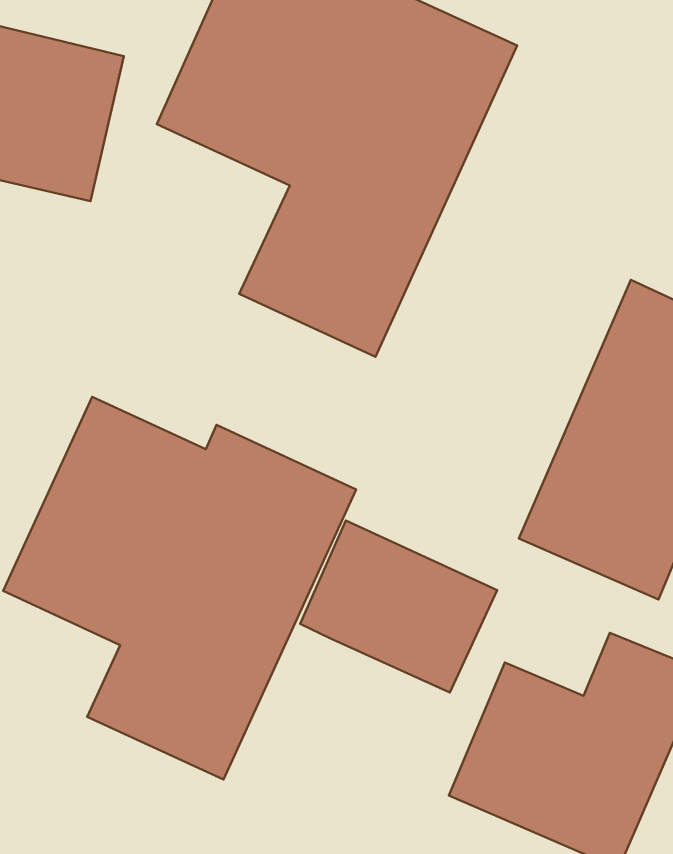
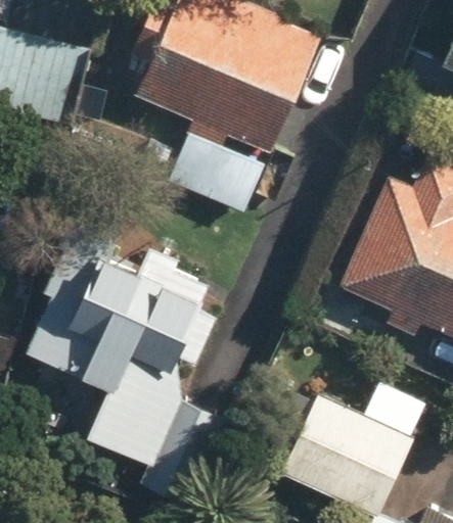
building: [300,521,497,692] -> none

